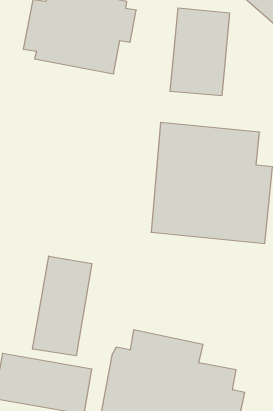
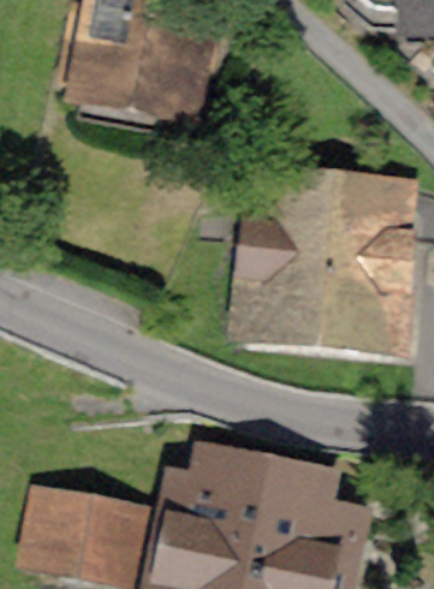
building: [170,8,230,96] -> none
building: [33,256,92,356] -> none

